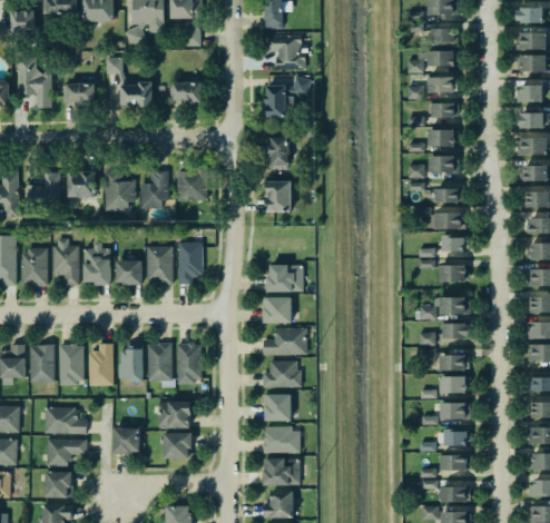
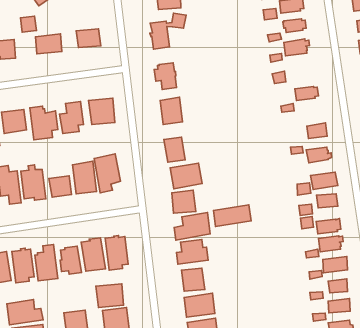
building: [428,155,458,171] -> none
building: [434,211,464,229] -> none
building: none -> [164,137,185,162]
building: none -> [213,205,251,226]

